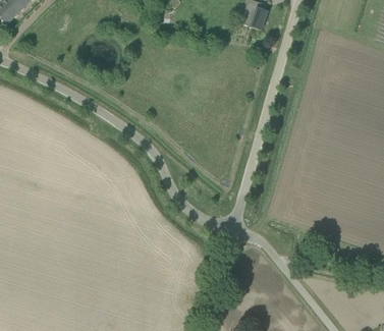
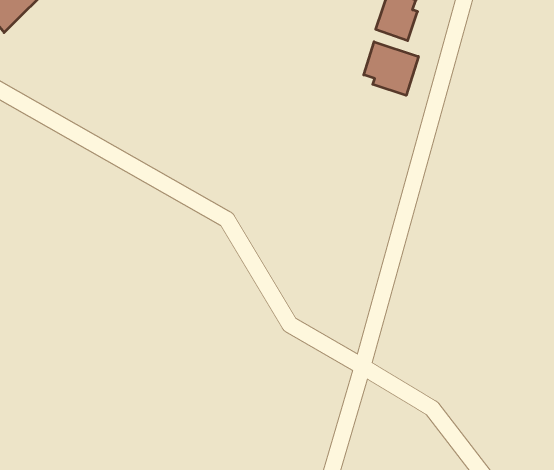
building: none -> [364,42,418,95]

